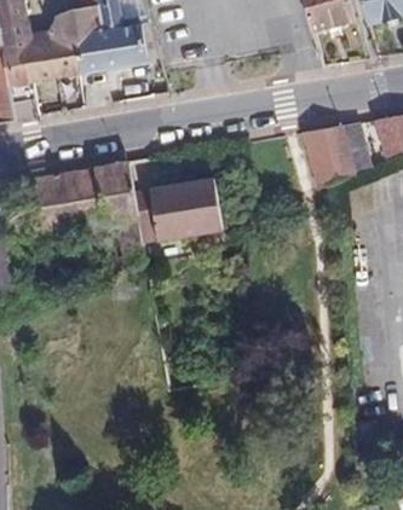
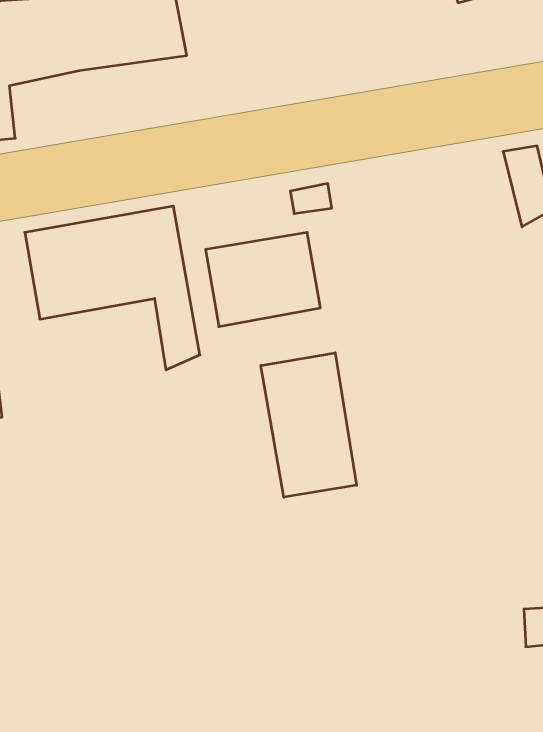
building: [305,126,356,187] -> none
building: none -> [261,353,357,497]

